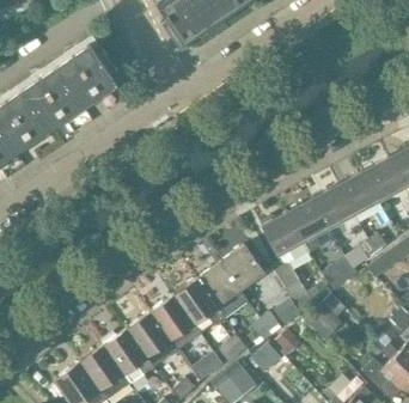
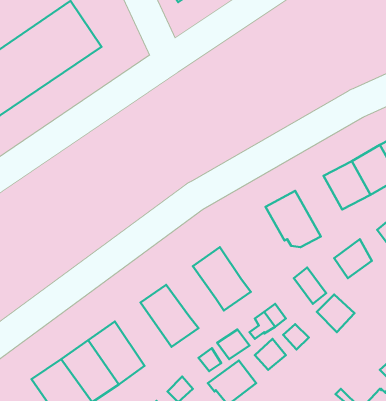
building: [288,199,330,252] -> none
building: [221,245,265,291] -> none
building: [173,279,225,324] -> none
building: [128,311,178,367] -> none

